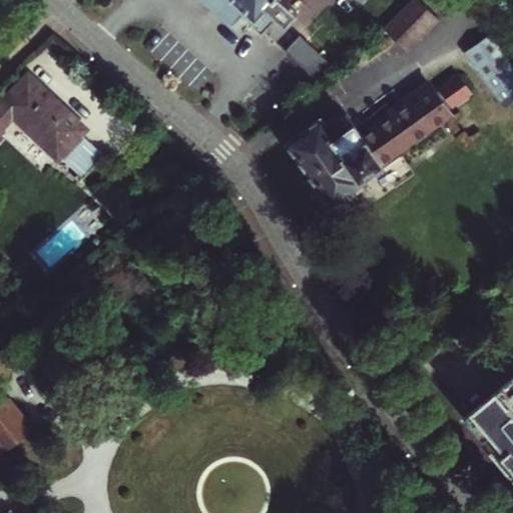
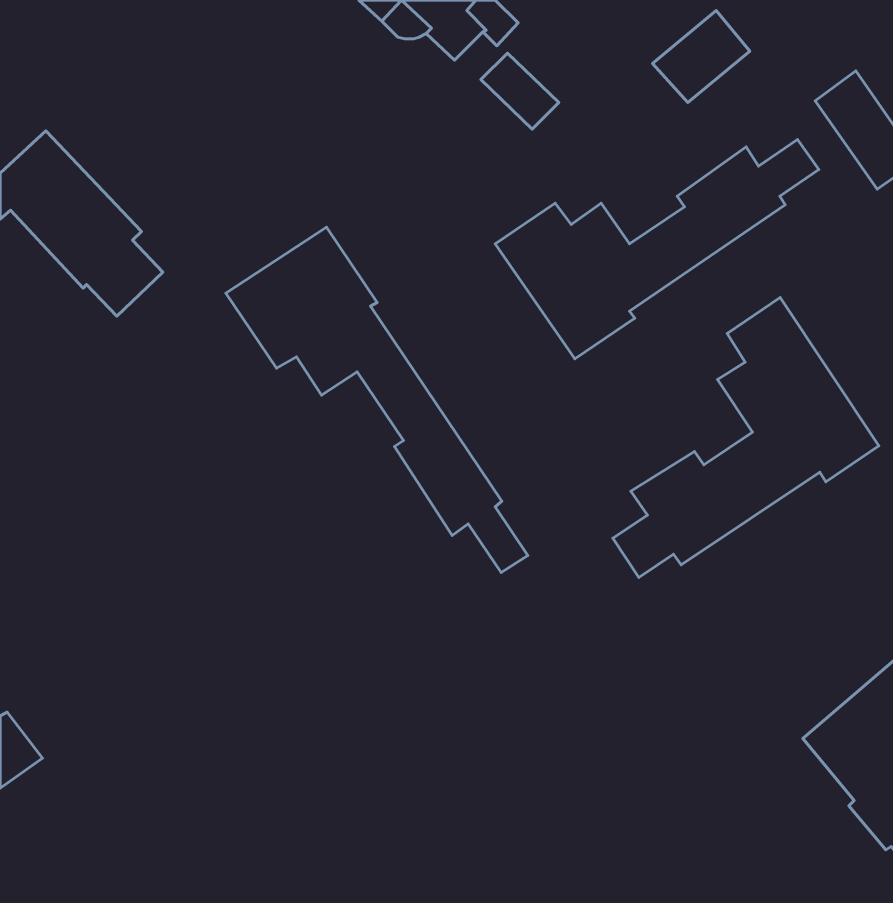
building: none -> [226,227,528,573]
building: none -> [613,298,879,577]

